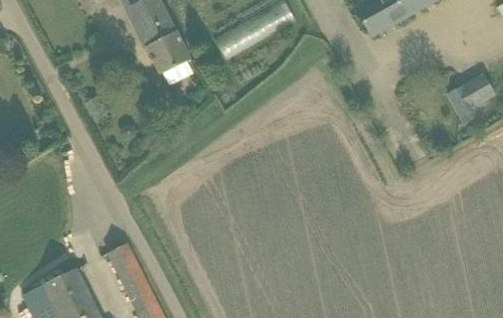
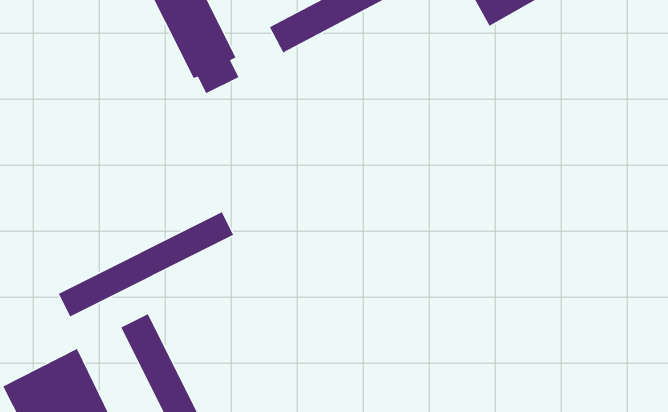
building: [457,86,495,124] -> none
building: none -> [58,211,234,318]

